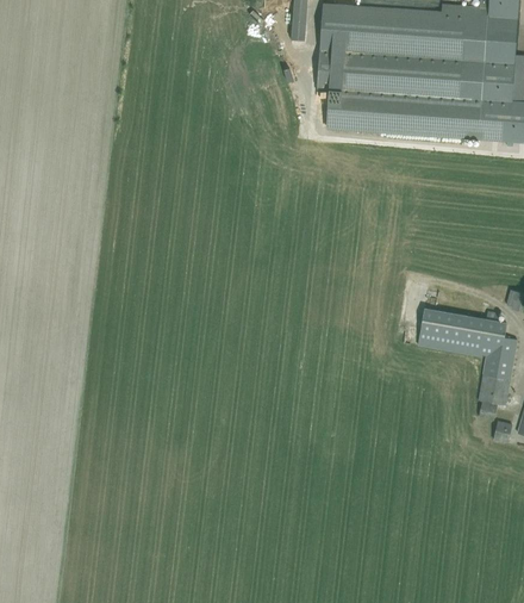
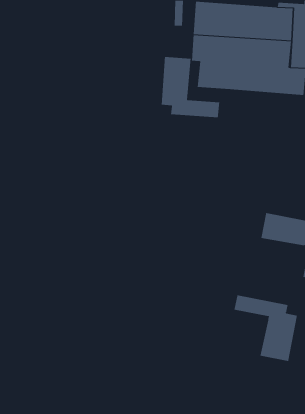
building: none -> [161,56,220,118]
building: none -> [234,294,298,362]

